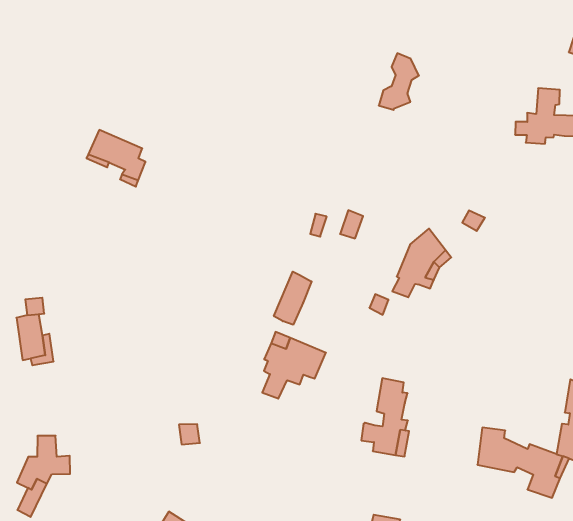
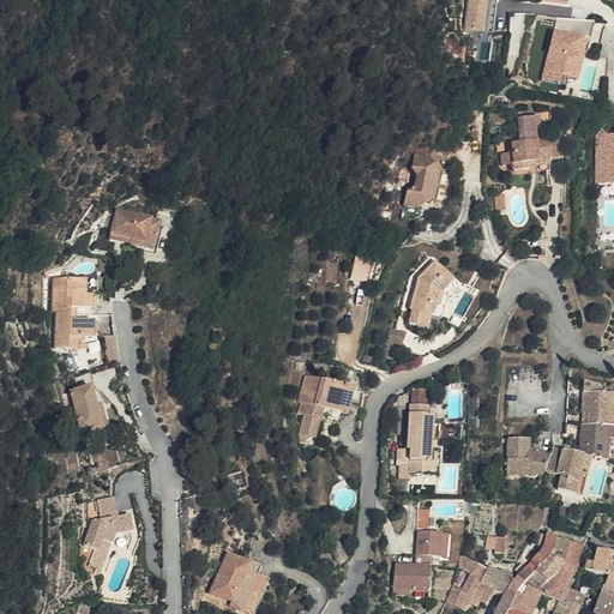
building: [379,53,419,110] -> [405,154,439,206]
building: none -> [53,275,95,345]
building: [274,272,312,325] -> none

